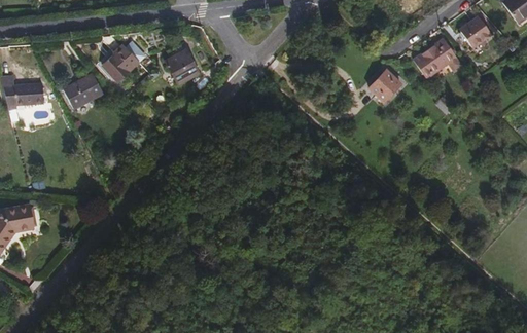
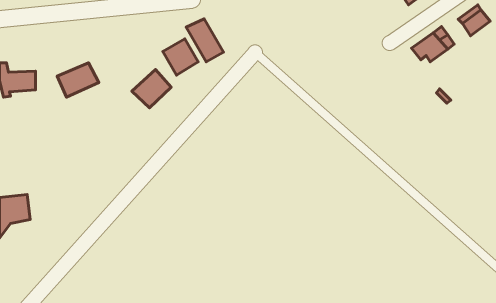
building: none -> [186,19,223,62]
building: [102,45,141,83] -> [132,69,171,108]
building: [370,70,401,103] -> none

